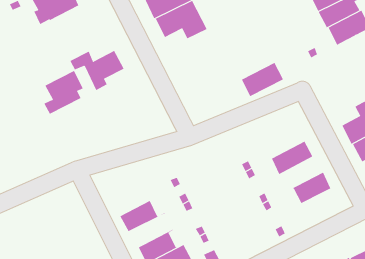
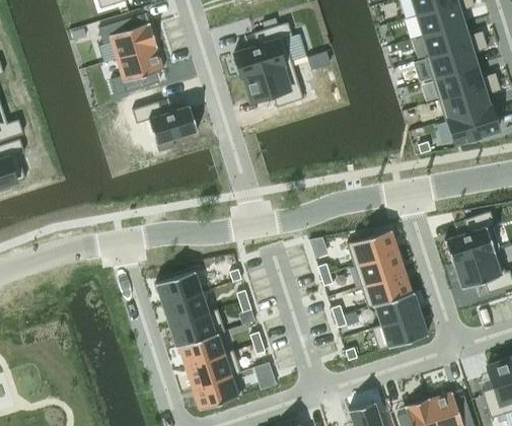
building: [241,62,284,97] -> [347,228,397,265]
building: [43,70,83,114] -> [112,46,162,93]
building: none -> [360,271,414,306]
building: none -> [155,270,202,304]
building: none -> [371,312,427,350]
building: none -> [169,309,224,346]

